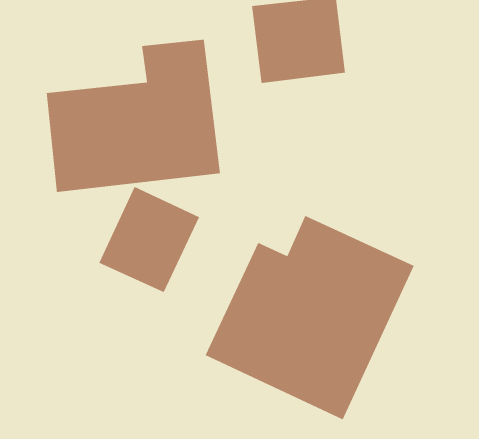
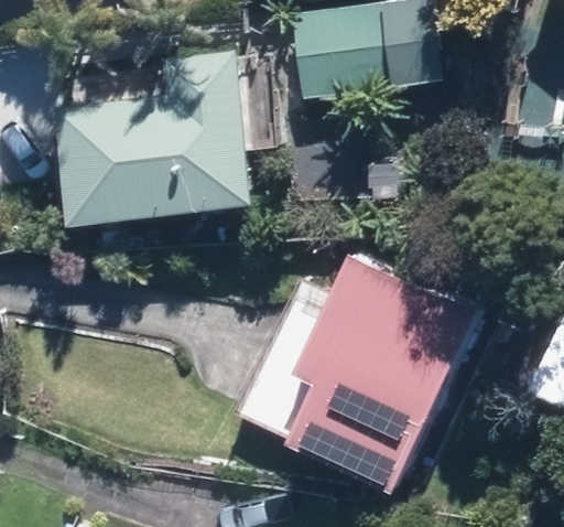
building: [98,186,200,293] -> none

